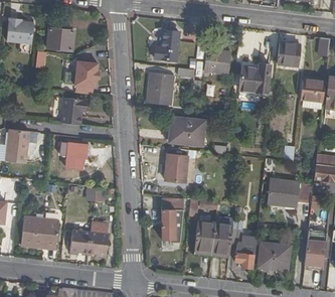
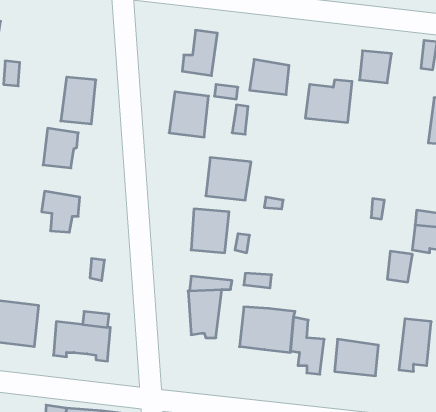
building: [41,28,68,61] -> none
building: [306,81,325,109] -> none
building: [268,179,299,206] -> none

